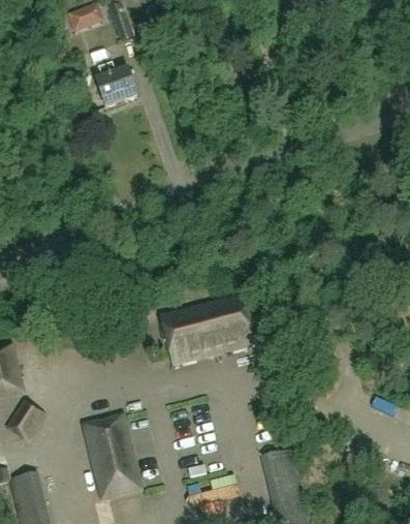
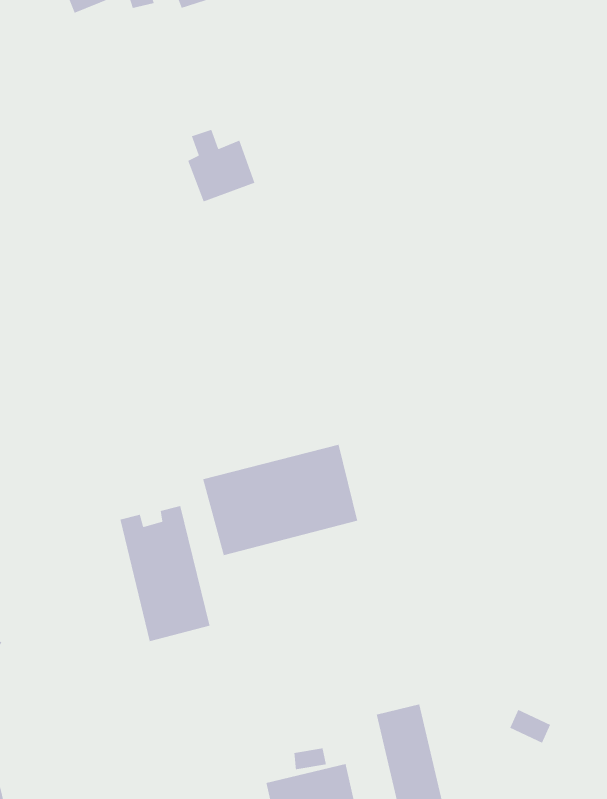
building: [96,61,136,104] -> [187,129,256,203]
building: [86,414,139,495] -> [119,505,211,642]

